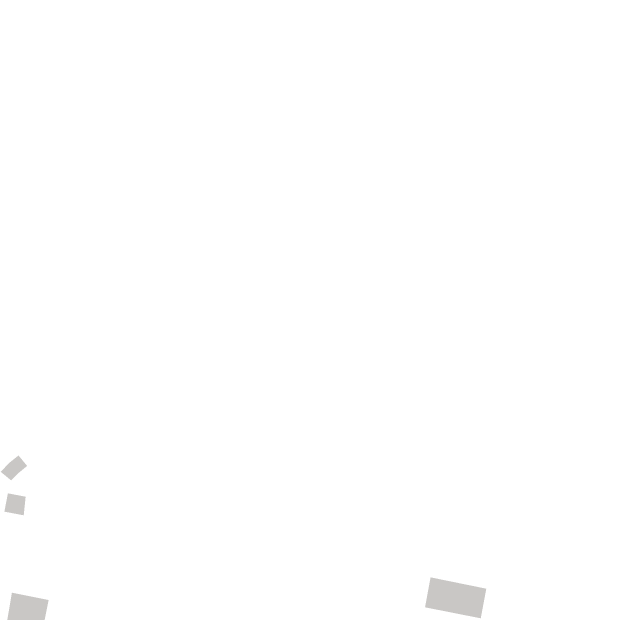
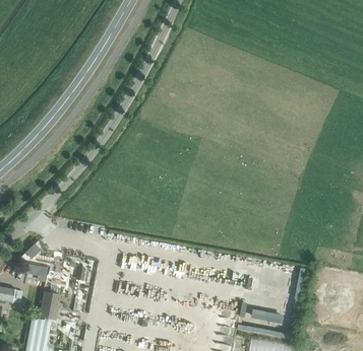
building: none -> [39,286,61,319]

